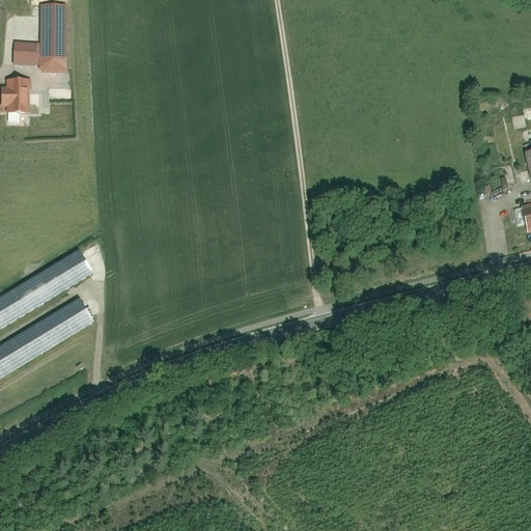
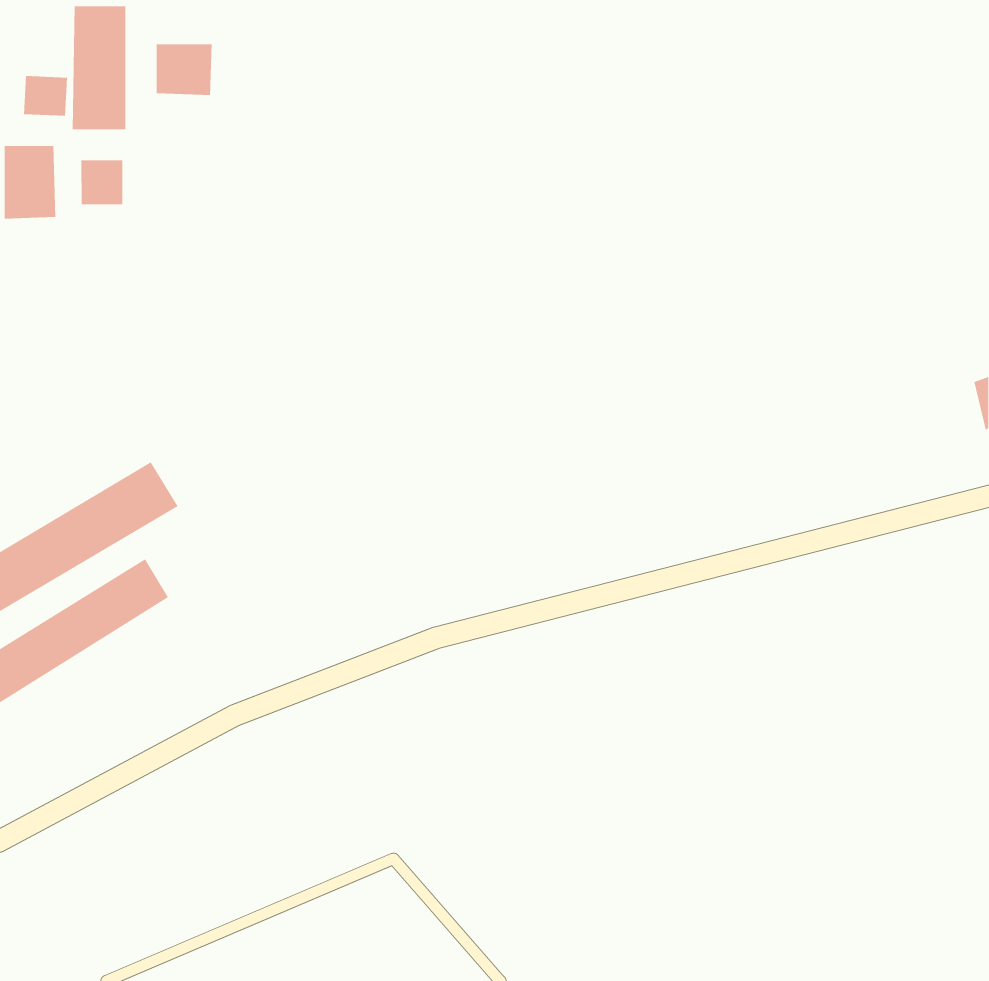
building: none -> [156,44,212,96]
building: none -> [81,159,123,205]

